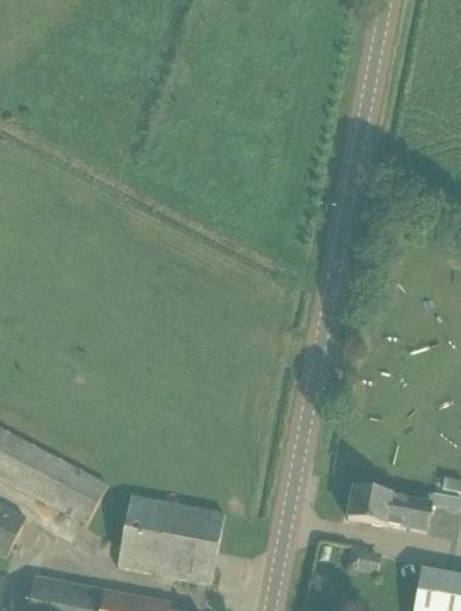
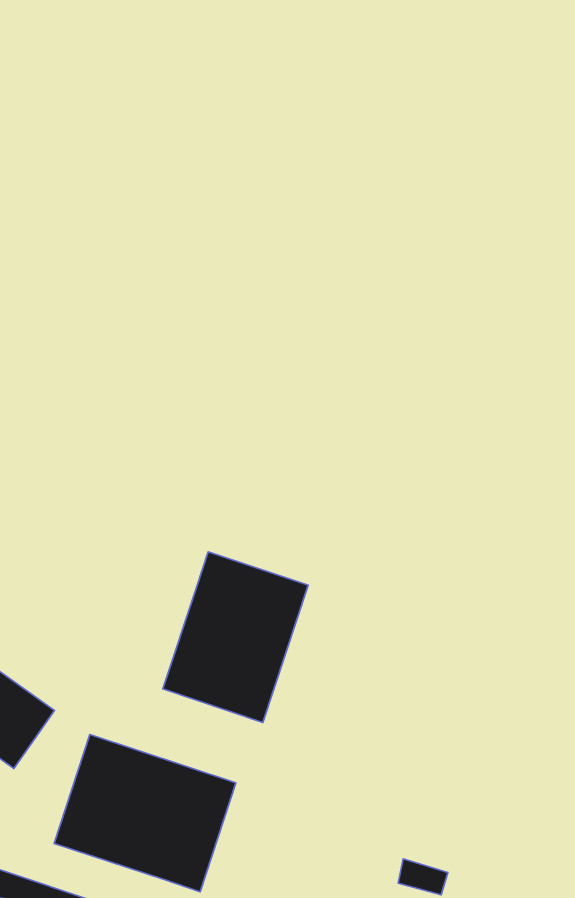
building: none -> [163,552,308,722]
building: [346,487,431,531] -> none

